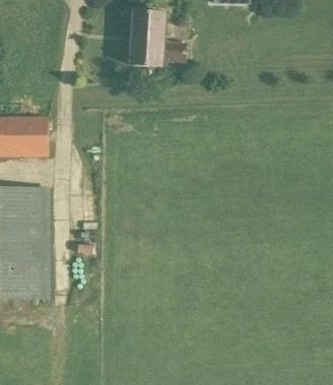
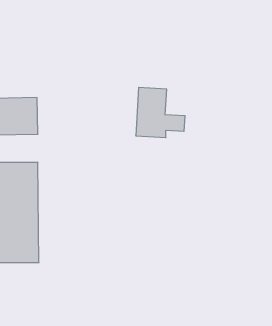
building: [129,11,184,67] -> [136,87,185,138]

